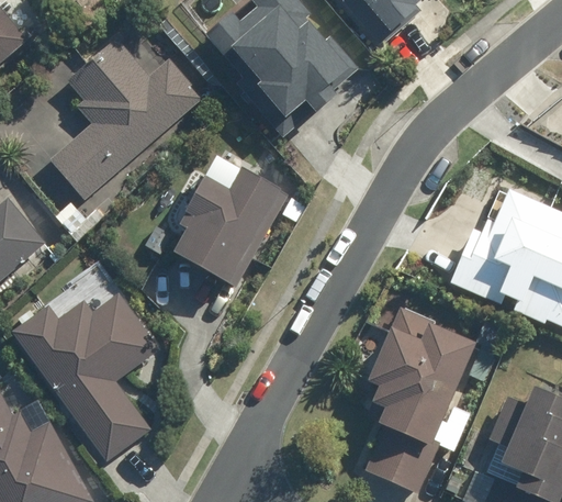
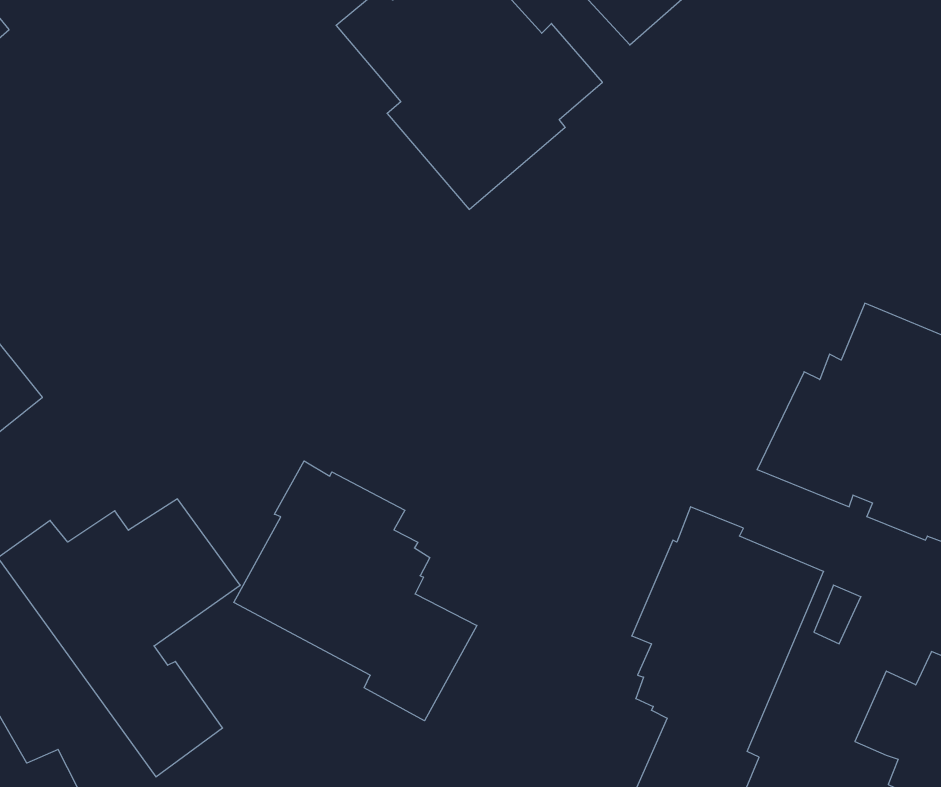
building: [50,40,202,198] -> none
building: [187,158,292,281] -> none
building: none -> [234,461,477,721]

